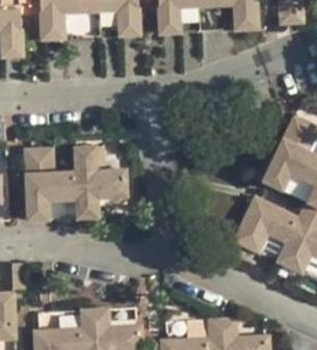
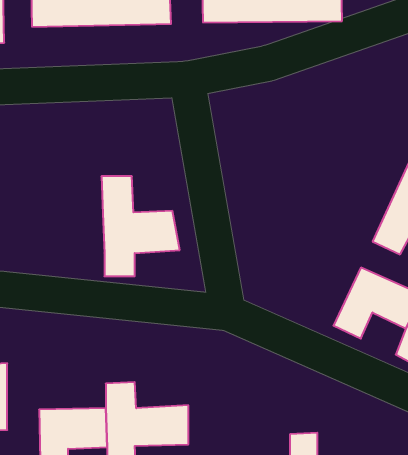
building: [28,146,79,217] -> none

